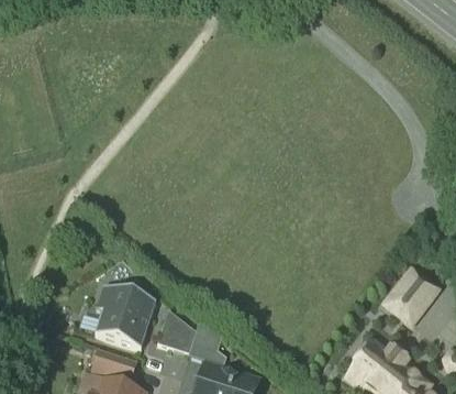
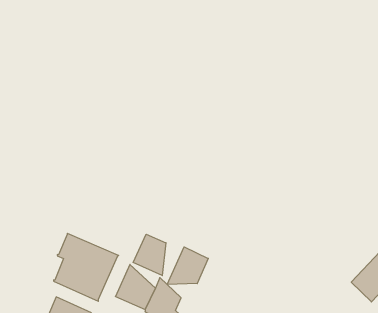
building: none -> [133,234,166,276]
building: none -> [167,247,208,284]

